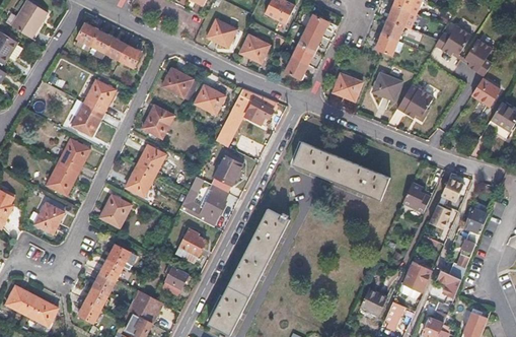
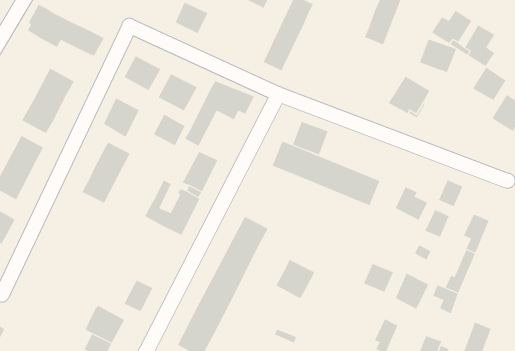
building: [239,35,270,64] -> none
building: [331,71,364,102] -> [292,121,329,155]
building: [370,71,403,102] -> [419,39,457,73]
building: none -> [153,114,185,146]
building: [99,194,133,229] -> none
building: [174,226,208,263] -> none
building: [78,245,130,324] -> none
building: none -> [276,259,315,299]
building: [359,288,386,315] -> [363,263,394,293]

